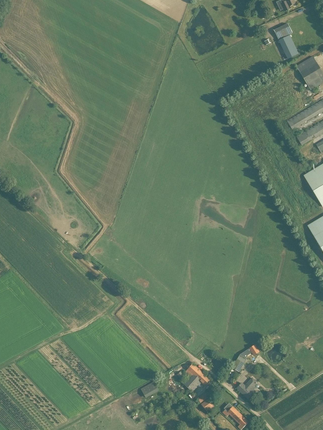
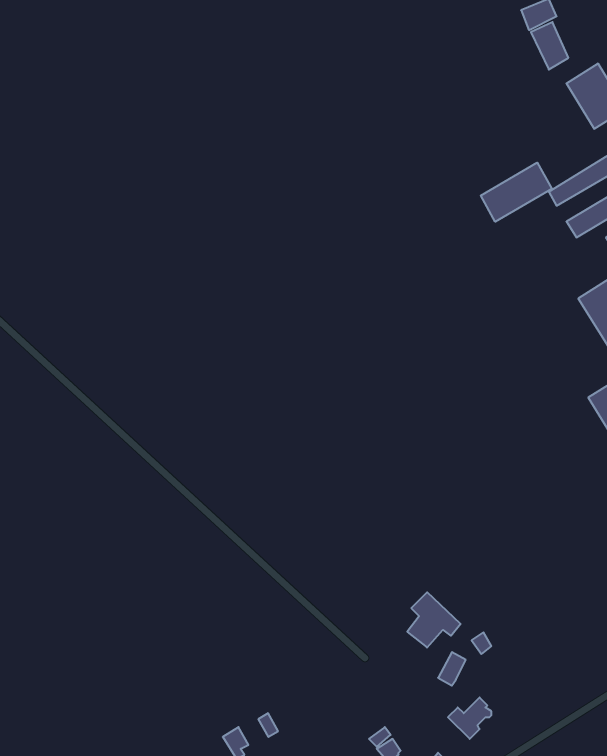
building: none -> [481,163,552,222]
building: [183,363,210,391] -> [407,592,461,648]

